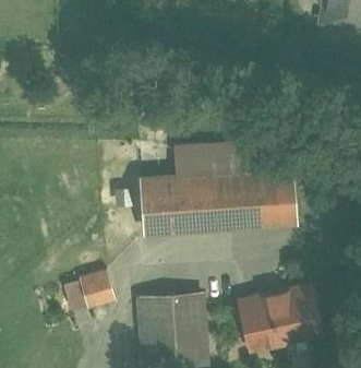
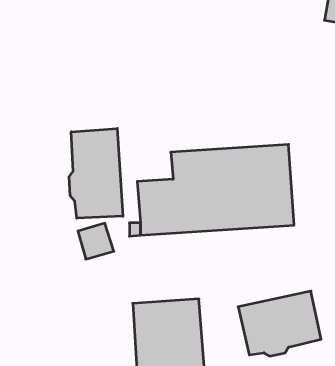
building: none -> [69,128,123,218]
building: [80,272,115,307] -> [78,223,114,259]

